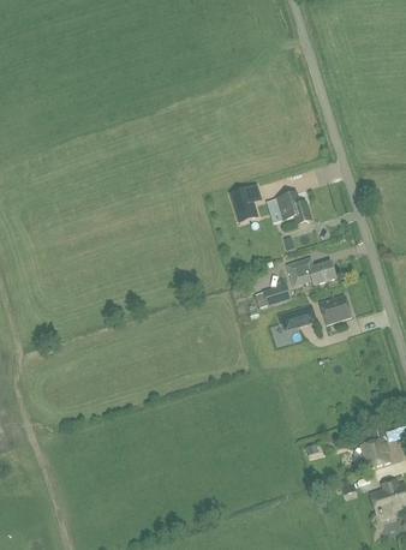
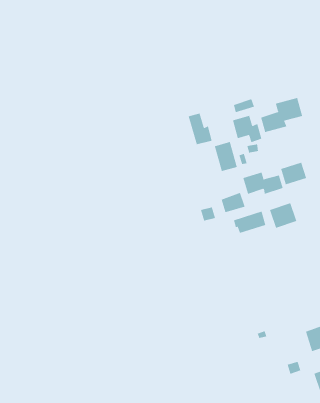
building: none -> [260,97,303,133]
building: none -> [214,141,238,172]
building: none -> [280,162,307,185]

